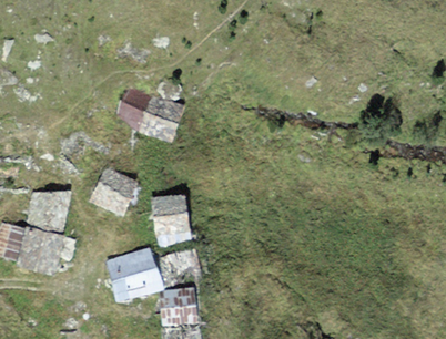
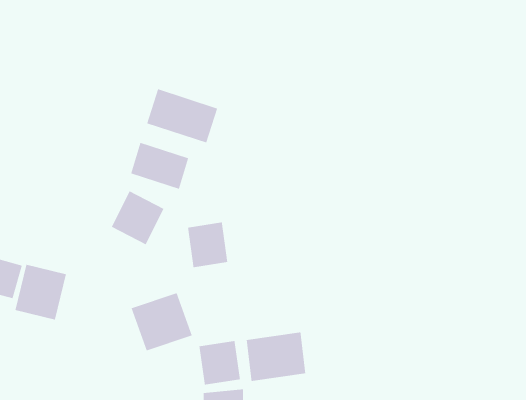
building: none -> [130,142,189,190]
building: [30,192,70,230] -> none
building: none -> [246,332,306,382]

